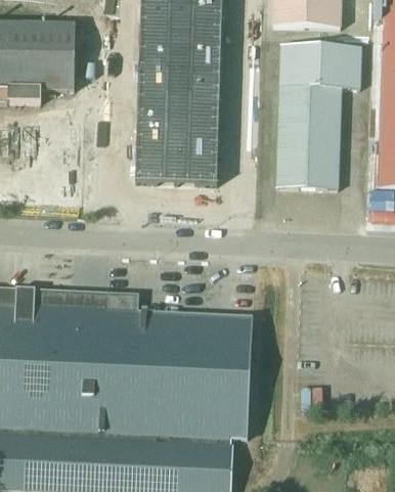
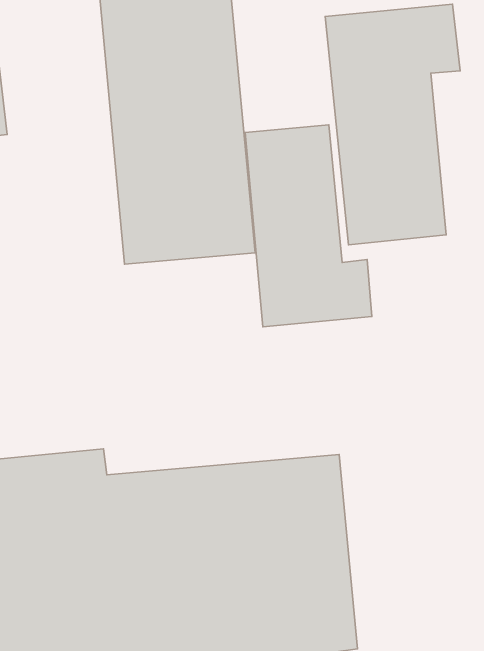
building: none -> [245,125,372,327]

